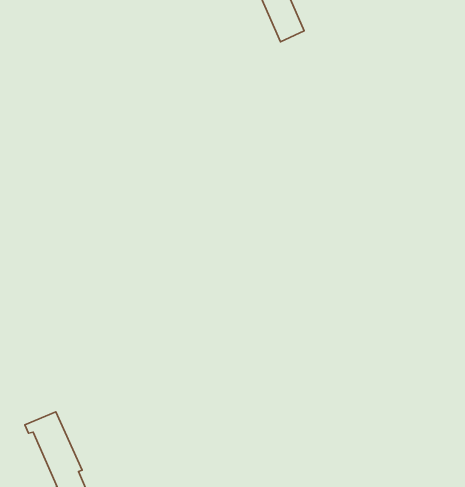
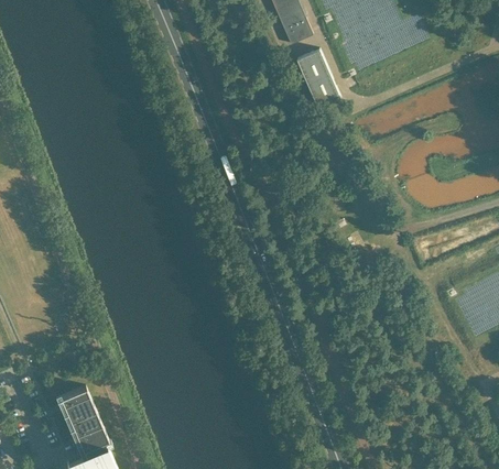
building: none -> [296,50,340,108]

